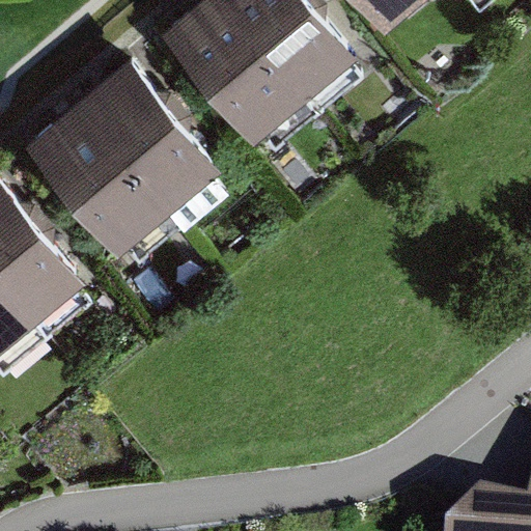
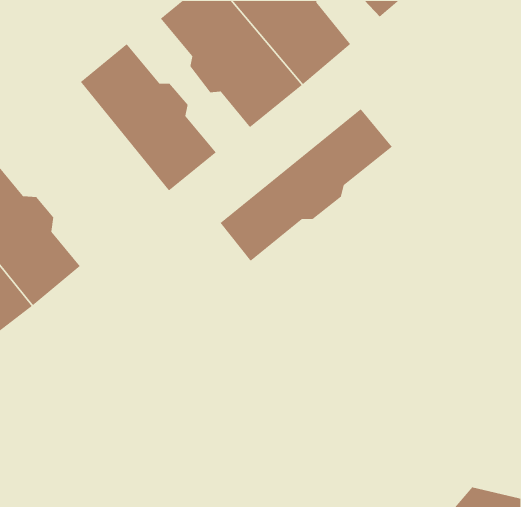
building: [25,100,171,256] -> none
building: none -> [220,108,393,262]

